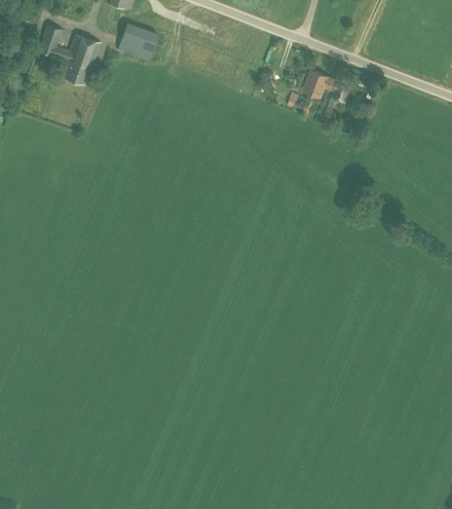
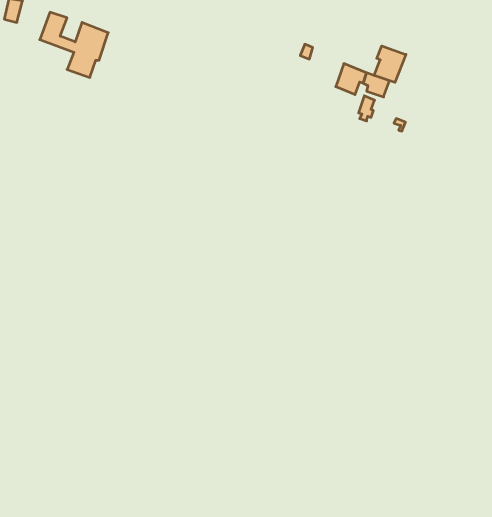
building: [117,31,155,59] -> none
building: none -> [374,46,406,82]

